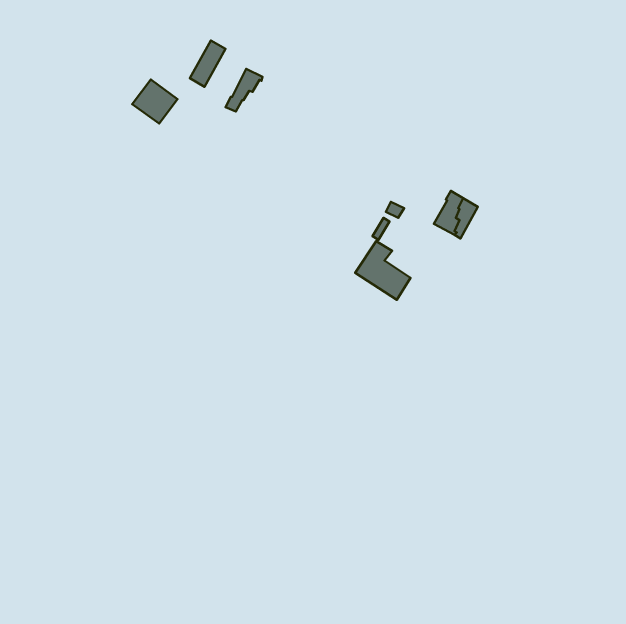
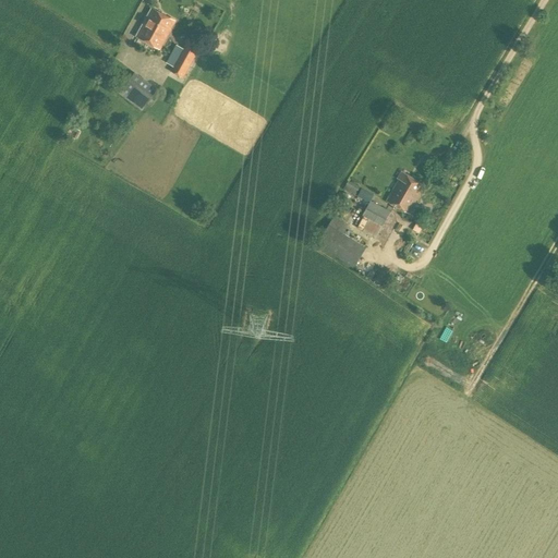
building: none -> [136,7,174,48]
building: [226,69,262,111] -> none
building: none -> [356,187,390,238]

